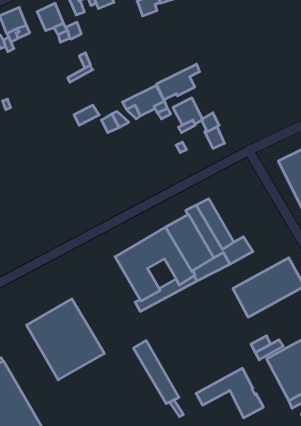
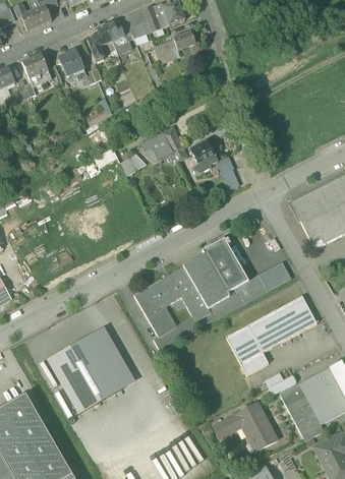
building: [157,64,200,100] -> none
building: none -> [257,261,290,289]
building: none -> [226,324,268,374]
building: [134,341,179,404] -> [92,326,135,387]

